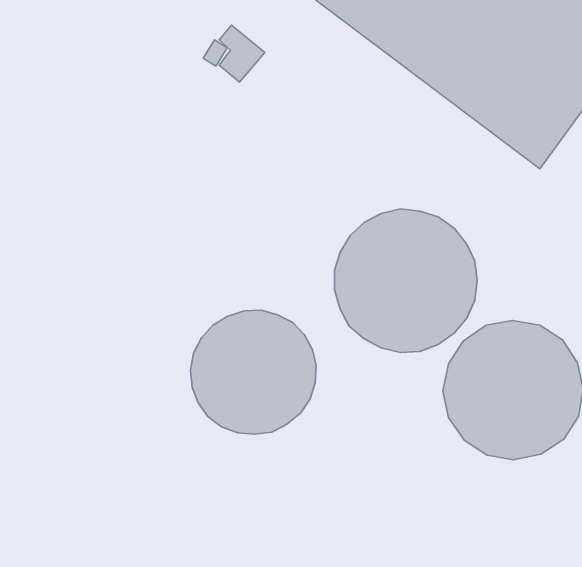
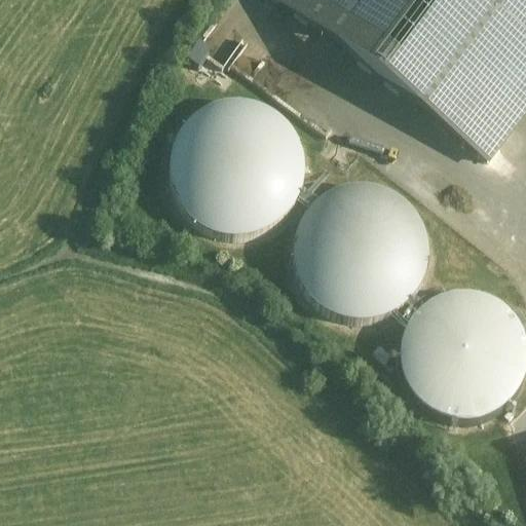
building: none -> [168,97,304,232]
building: [190,310,316,434] -> none

